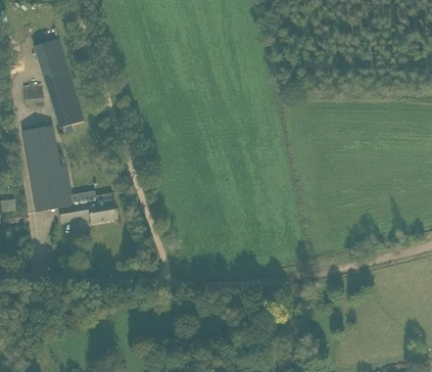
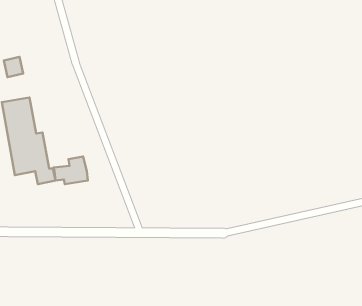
building: [35,38,82,128] -> none

